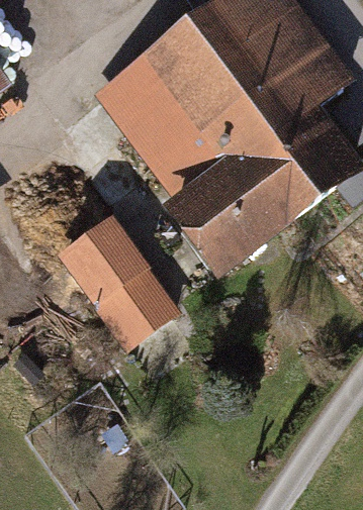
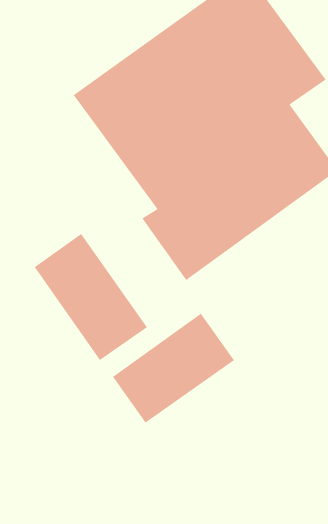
building: none -> [112,313,235,424]

